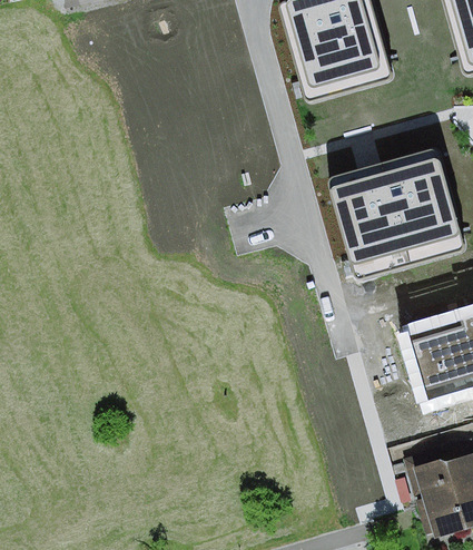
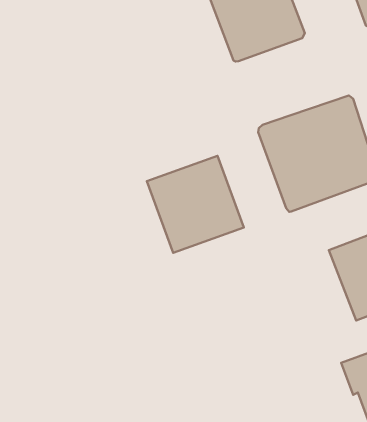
building: none -> [147,156,244,253]

